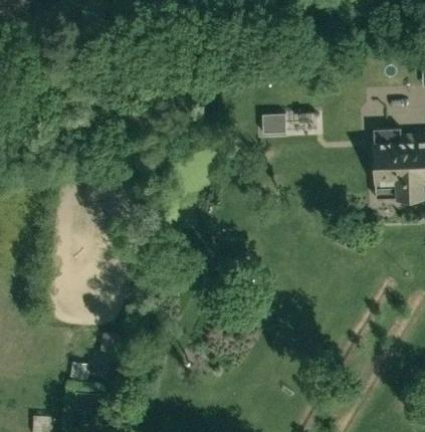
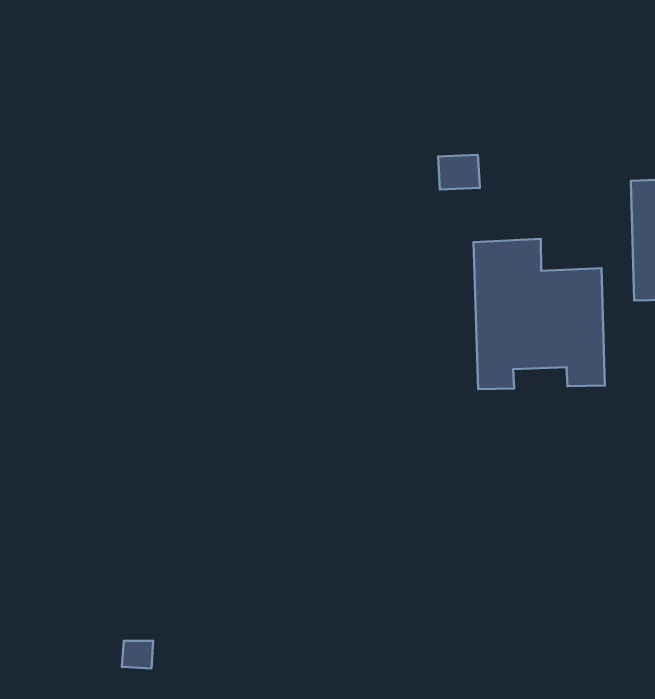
building: none -> [473,239,605,389]

